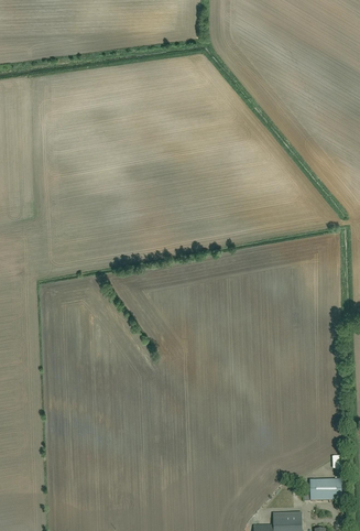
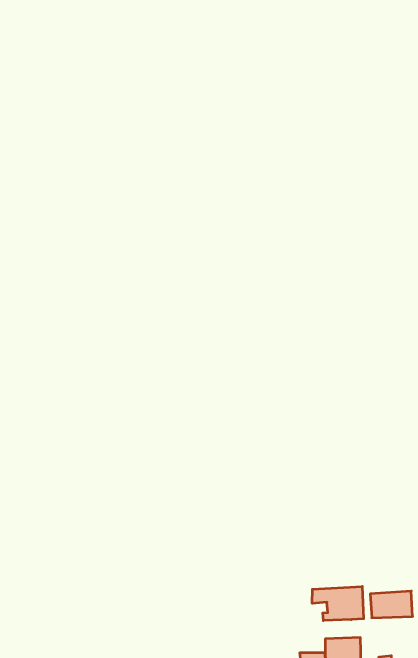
building: none -> [312,586,364,621]

